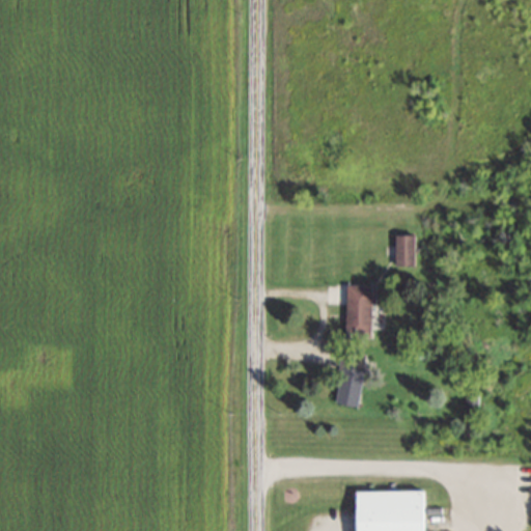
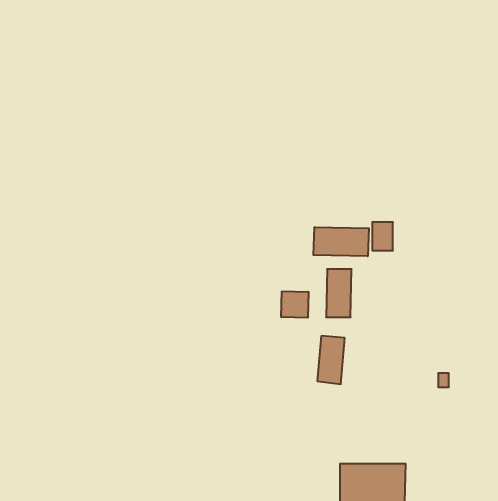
building: none -> [313,227,369,256]
building: none -> [281,291,308,318]

